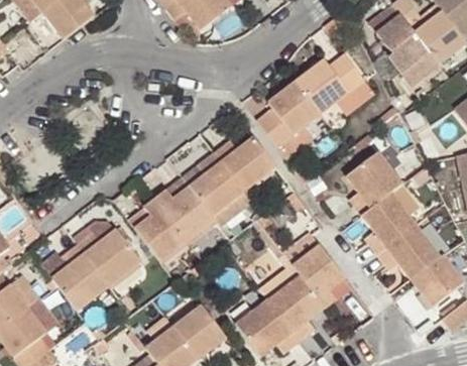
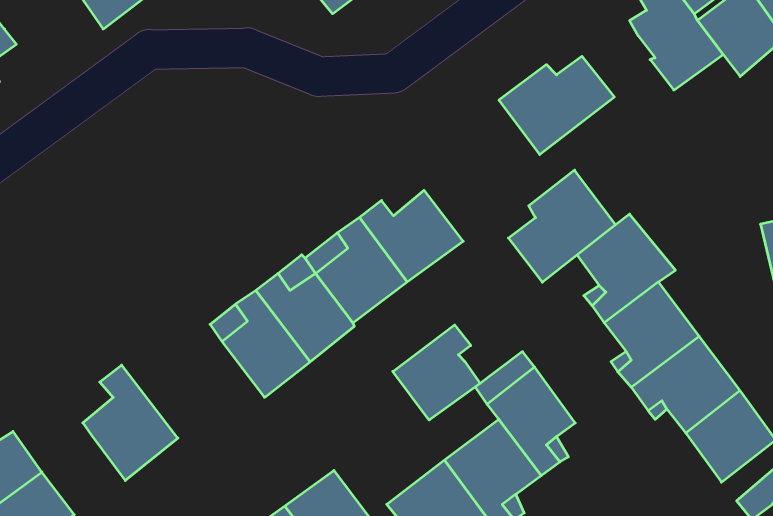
building: [260,84,324,150] -> [508,170,615,282]
building: none -> [393,325,480,420]
building: [76,228,140,284] -> none

